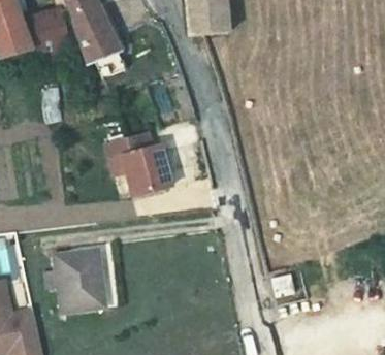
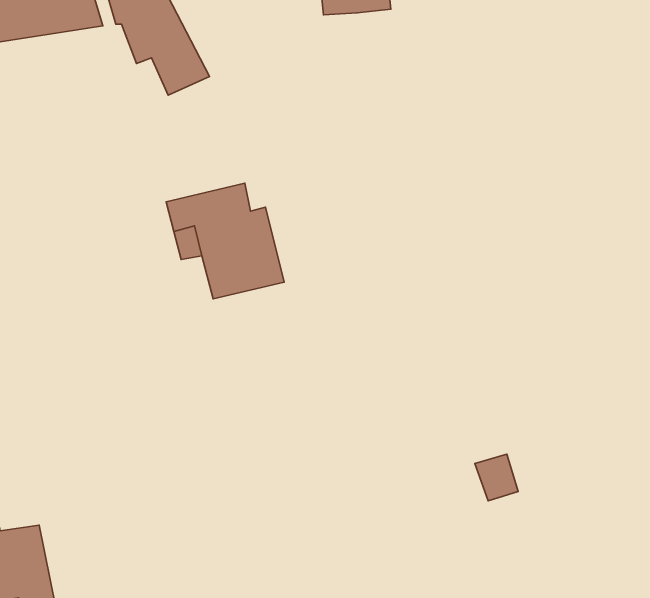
building: [53,254,104,319] -> none

